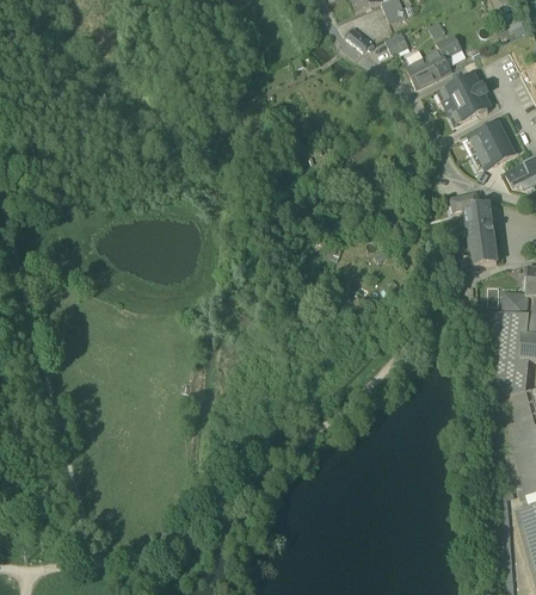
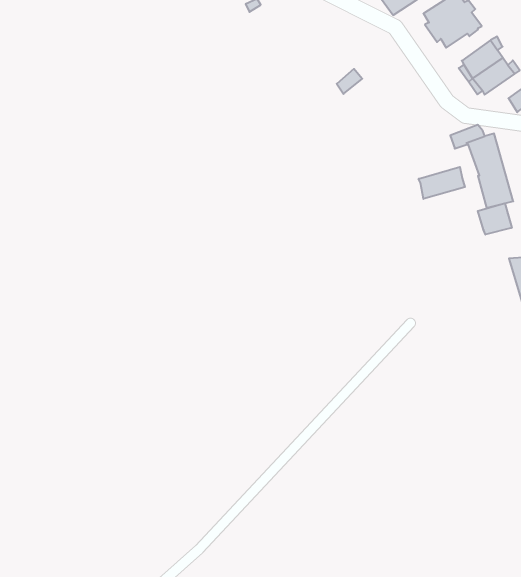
building: none -> [419,167,465,199]
building: none -> [478,203,512,235]

